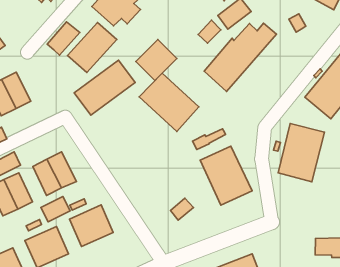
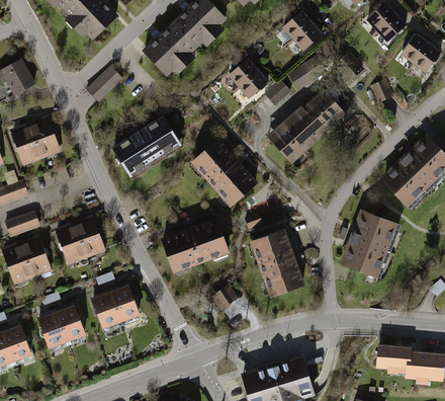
building: [68,22,117,73] -> none
building: [136,40,177,80] -> [223,56,271,103]
building: none -> [160,217,232,273]
building: [41,197,70,222] -> none

